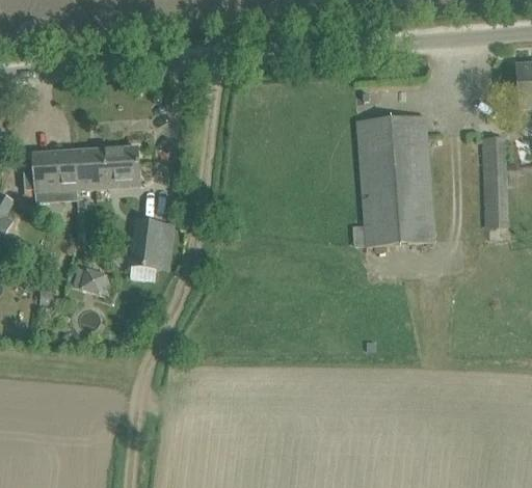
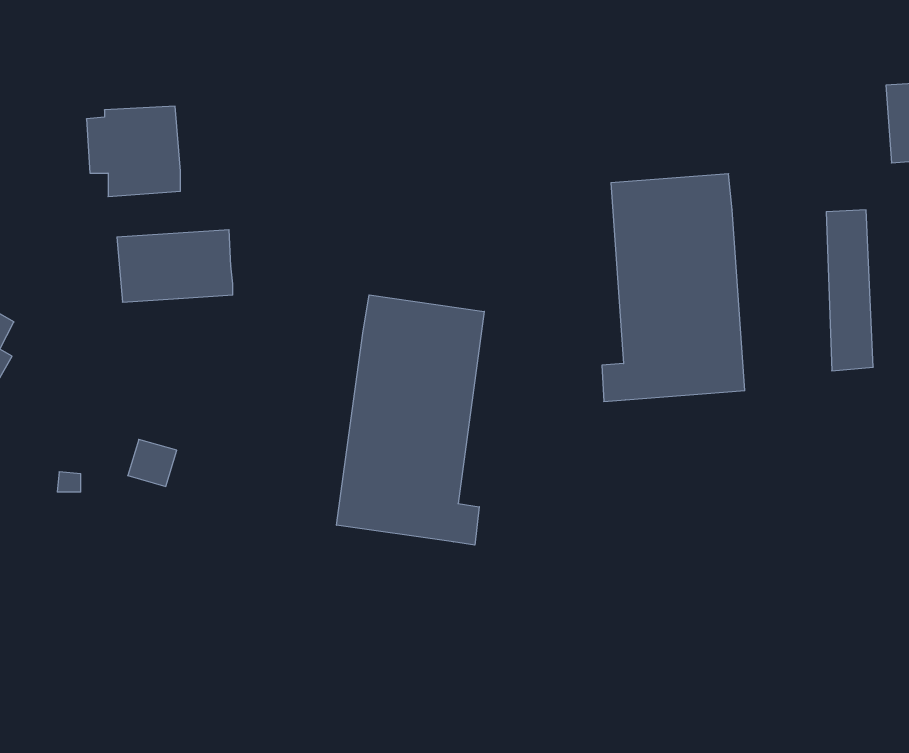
building: [23,151,77,202] -> [86,106,180,197]
building: none -> [337,295,484,545]
building: [129,217,164,268] -> none

